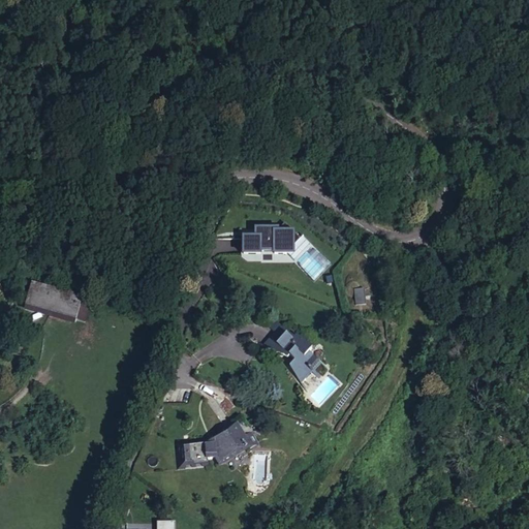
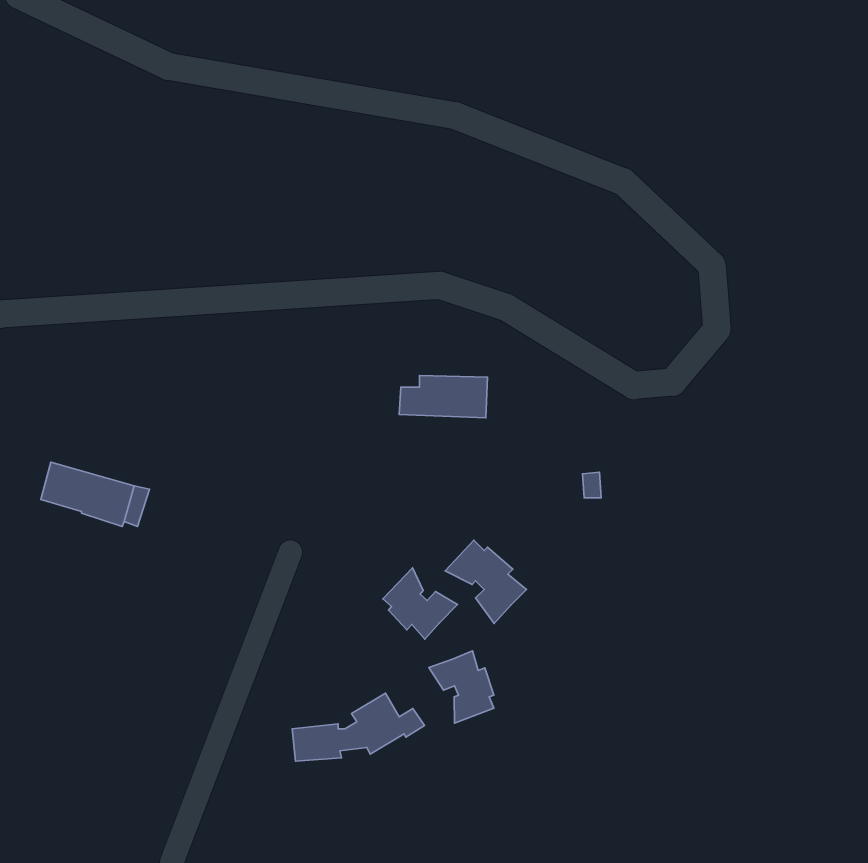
building: none -> [383,568,458,639]
building: none -> [429,651,494,723]

